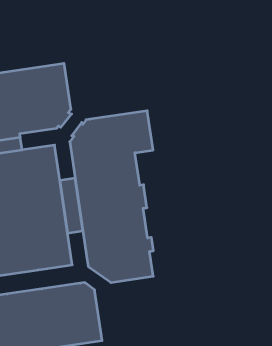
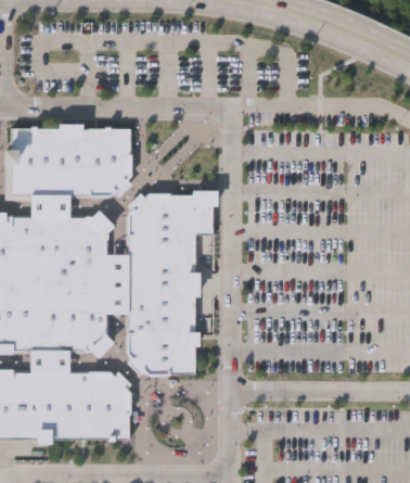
building: none -> [29,351,68,372]

